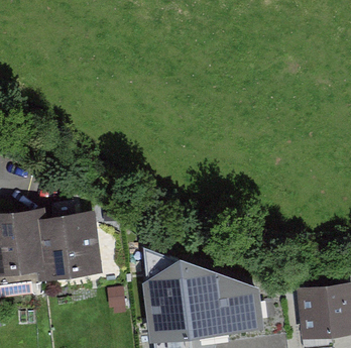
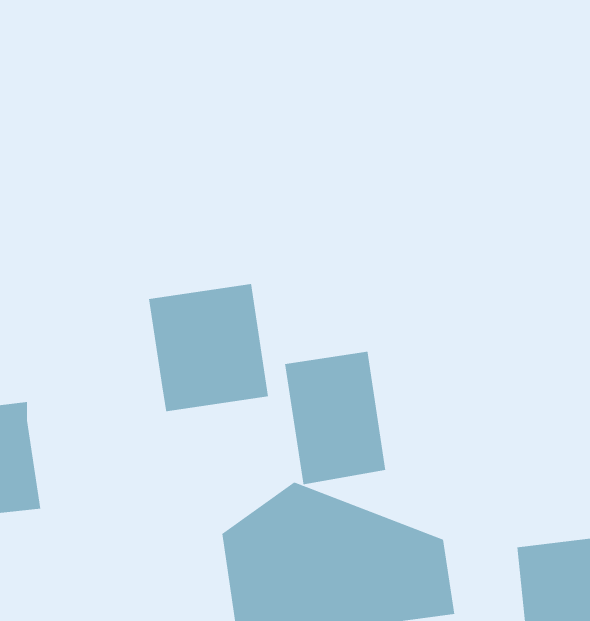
building: none -> [284,351,386,485]
building: [39,215,103,282] -> [148,283,269,412]

